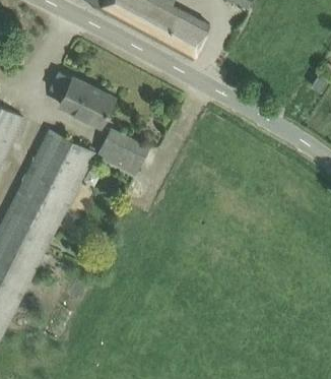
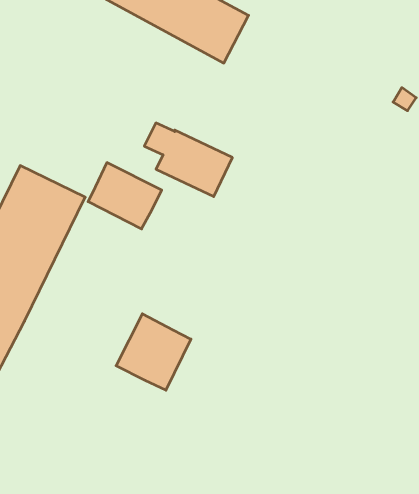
building: [51,71,113,123] -> [144,123,232,197]
building: none -> [116,314,191,390]

